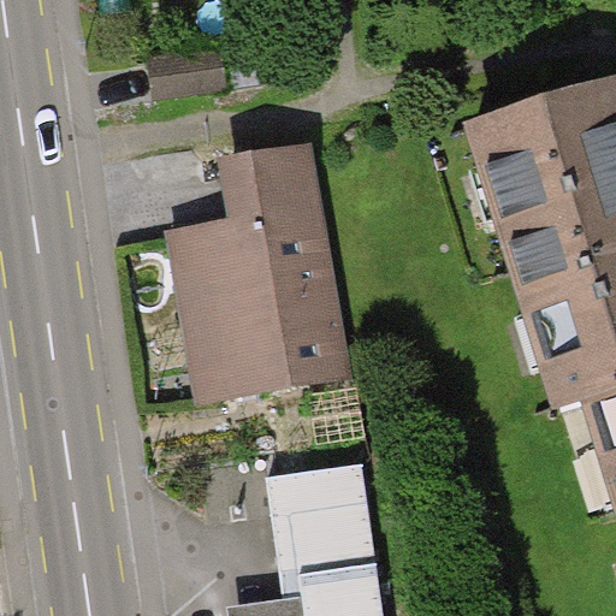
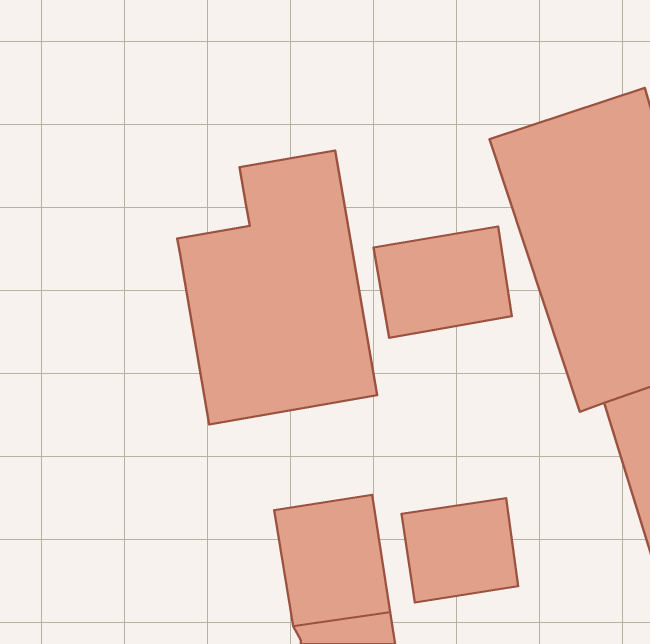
building: none -> [374,226,512,338]
building: none -> [401,498,518,603]

